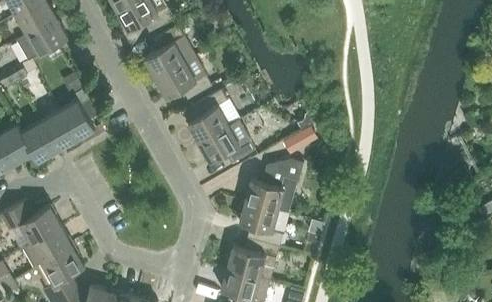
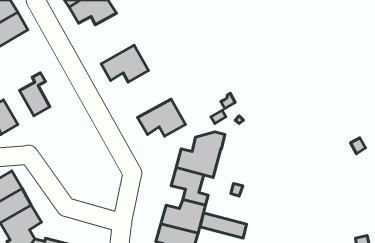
building: [144,26,194,78] -> none
building: [187,90,238,142] -> none
building: [39,110,75,150] -> none
building: none -> [200,213,247,238]

